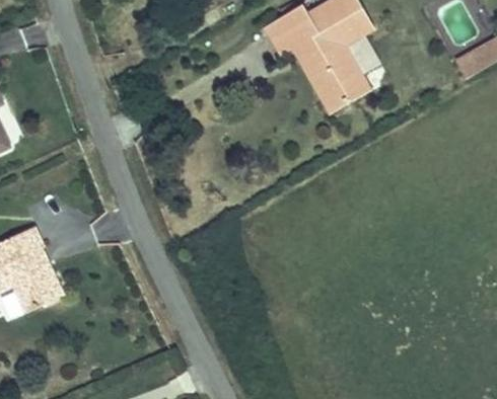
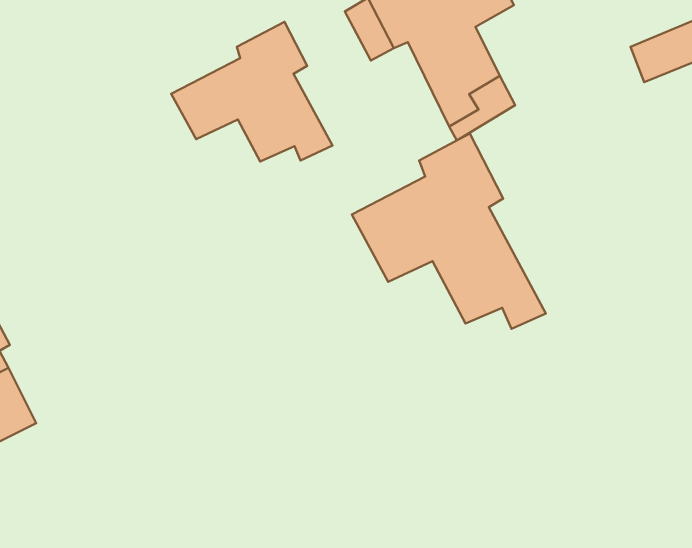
building: none -> [171,22,333,161]
building: none -> [352,134,546,329]

